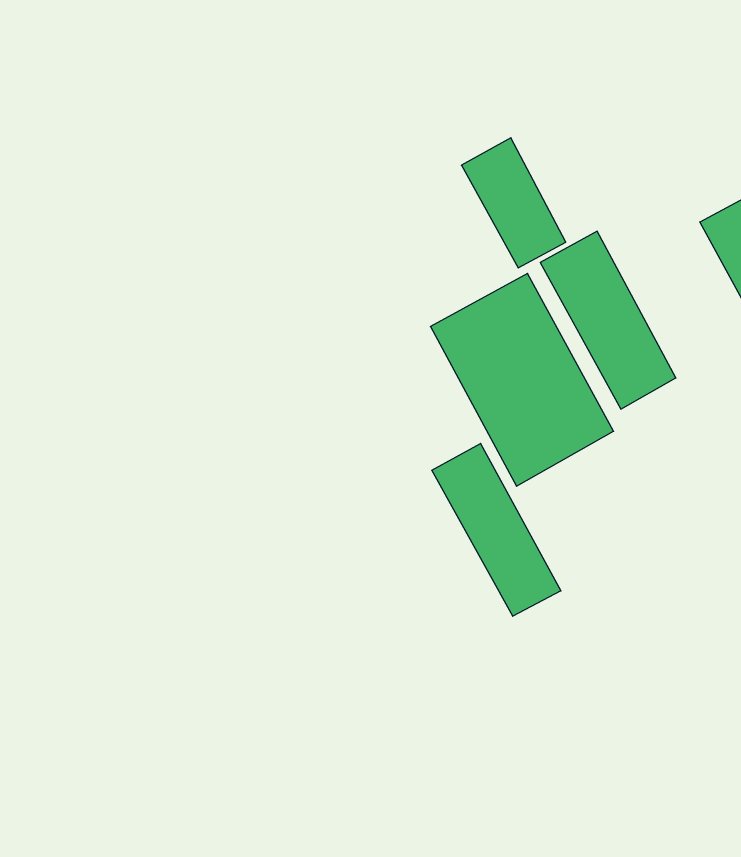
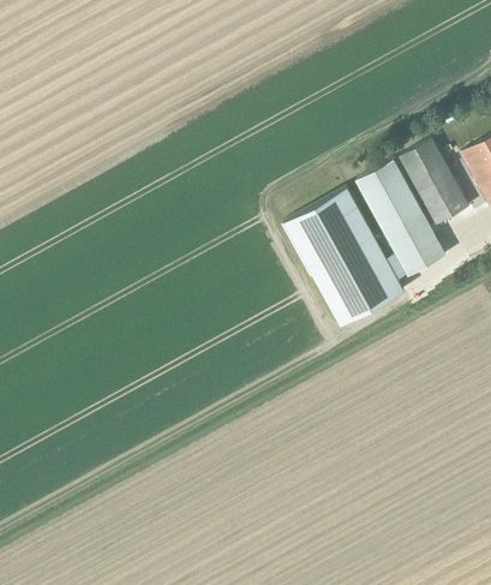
building: [461,138,566,268] -> [399,139,467,225]
building: [432,443,561,616] -> none

